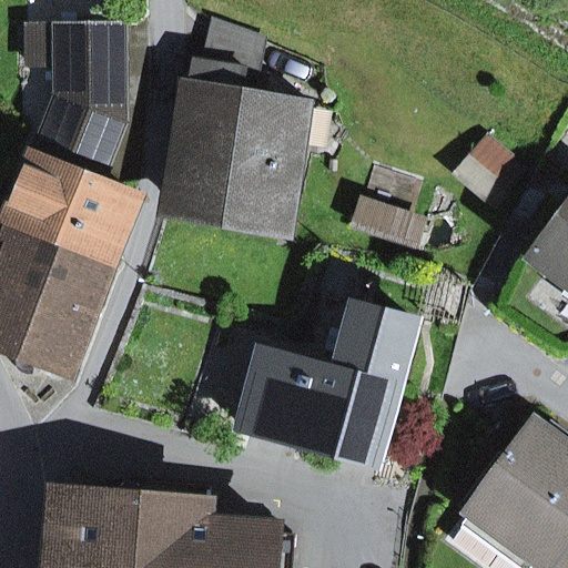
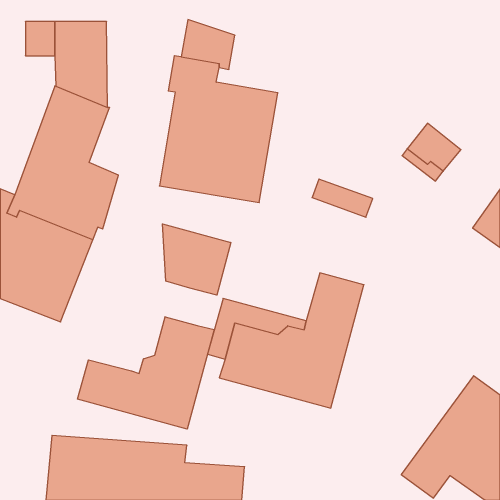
building: none -> [162,224,231,295]
building: none -> [78,317,214,429]

